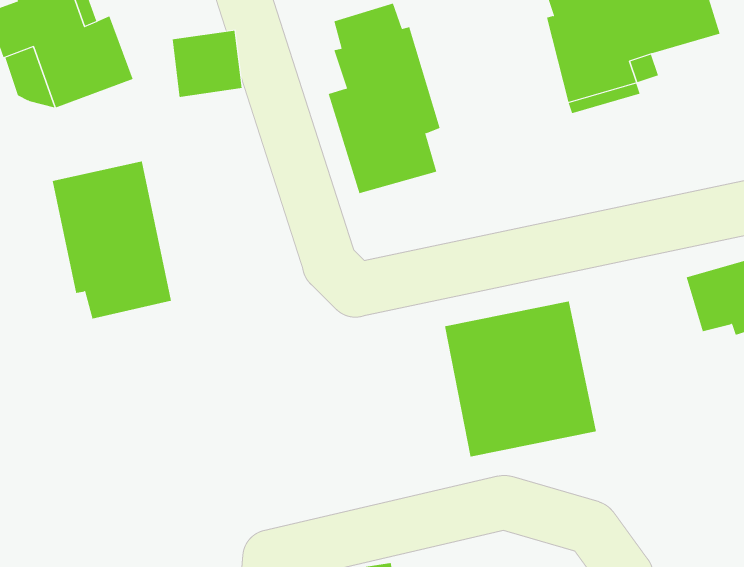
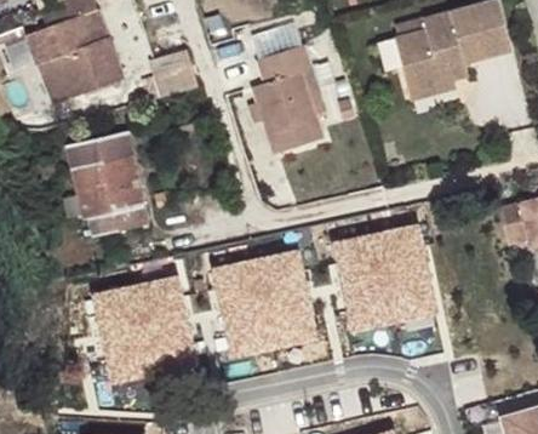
building: none -> [212,251,314,355]
building: none -> [92,275,194,378]

